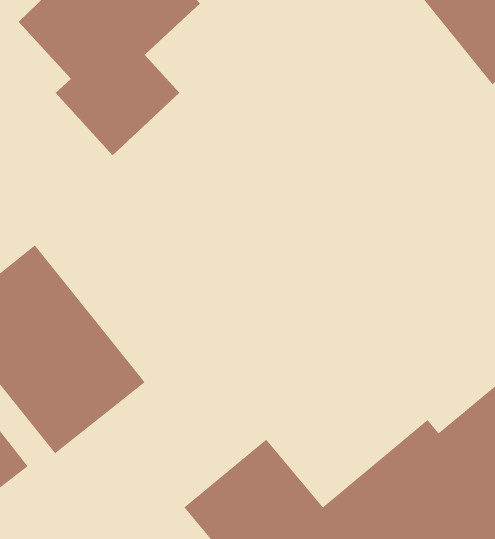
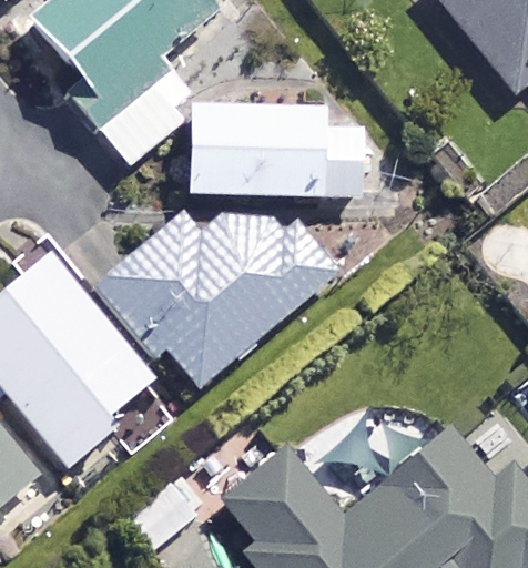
building: none -> [191,105,367,197]
building: none -> [102,217,326,387]

